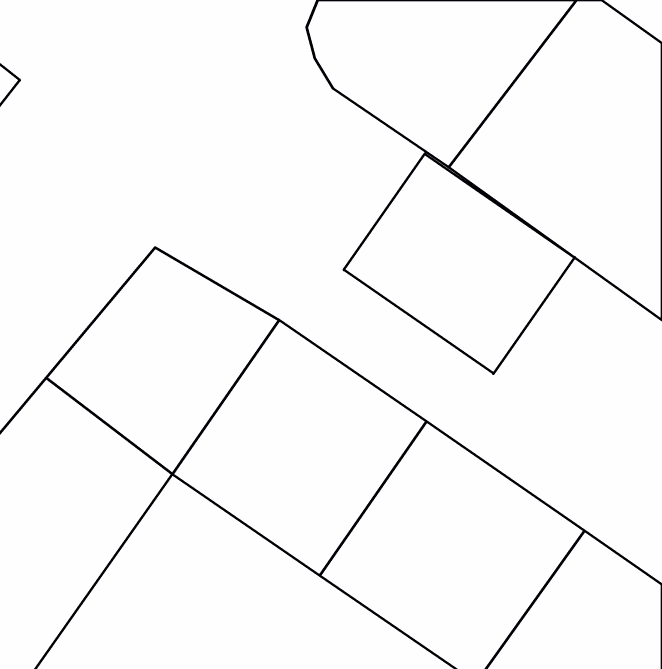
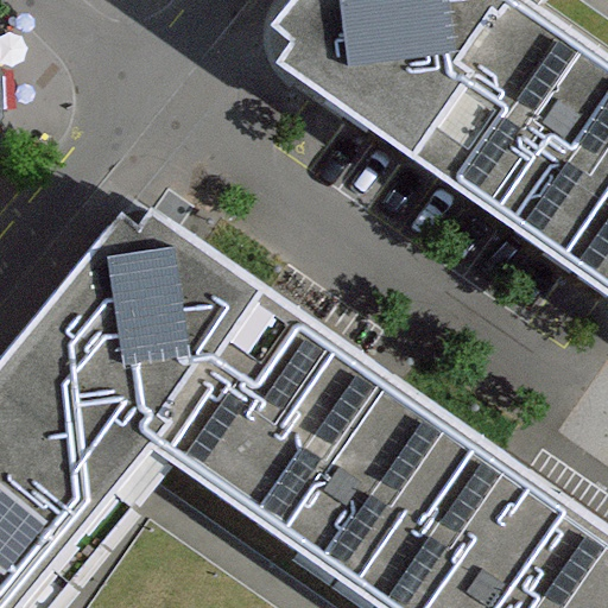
building: [344,154,575,374] -> none

